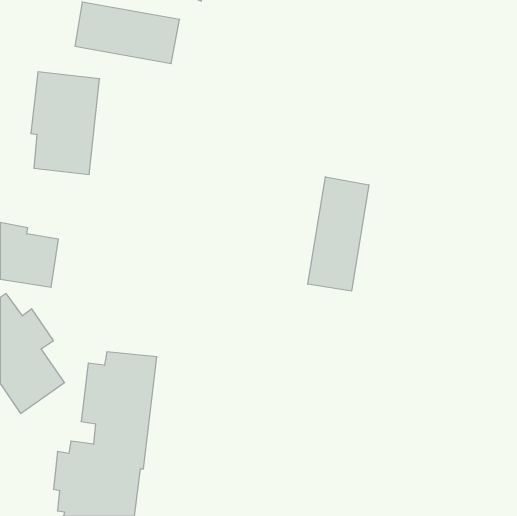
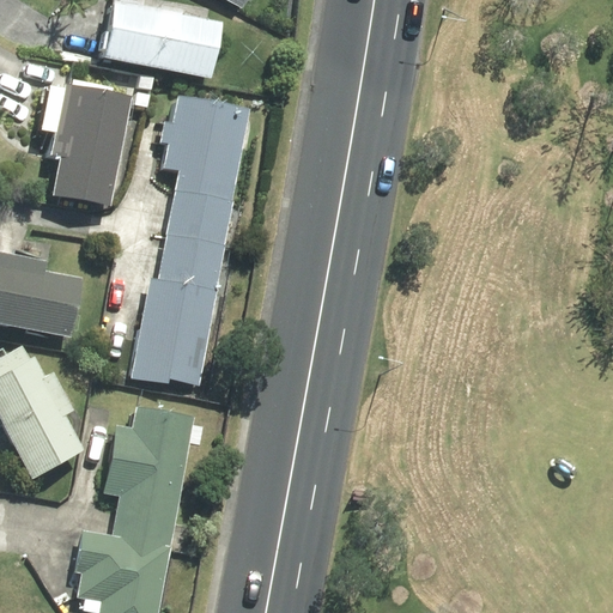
building: none -> [133,98,247,386]
building: [308,177,369,291] -> none

